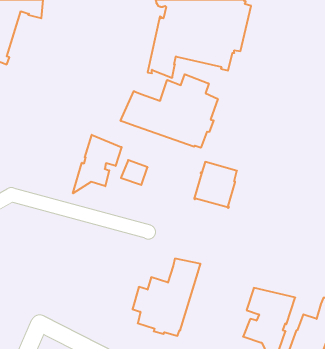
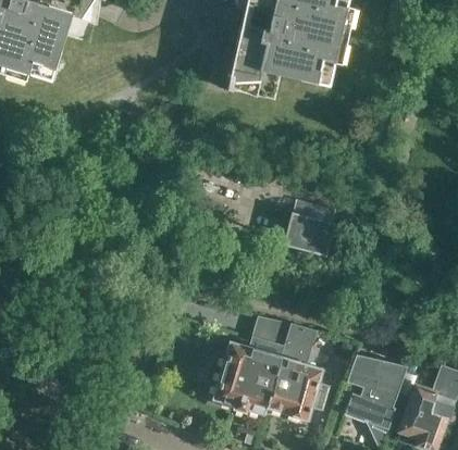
building: [121,74,218,148] -> none
building: [73,135,122,193] -> none
building: none -> [267,324,330,418]

